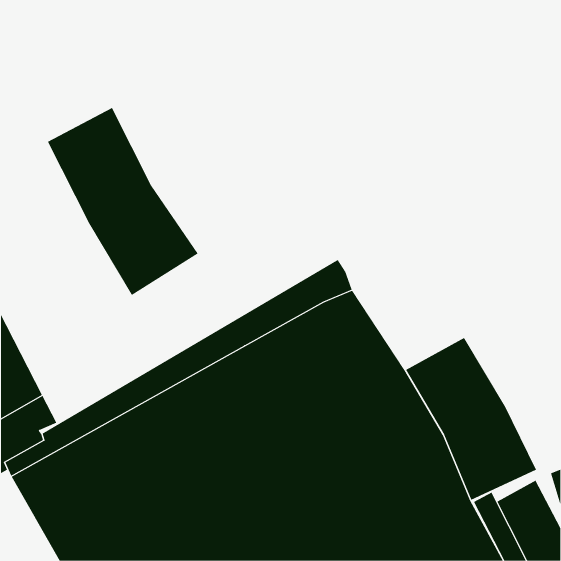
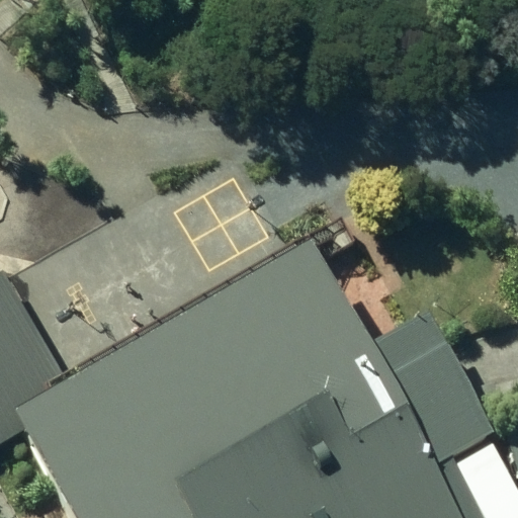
building: [47,107,198,296] -> none

